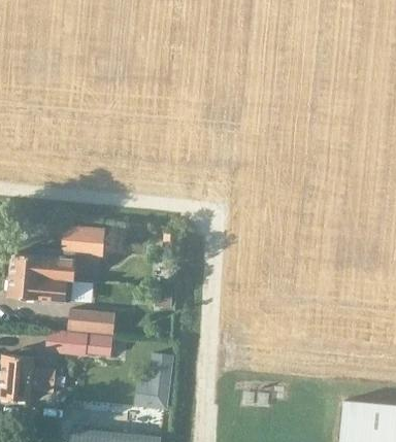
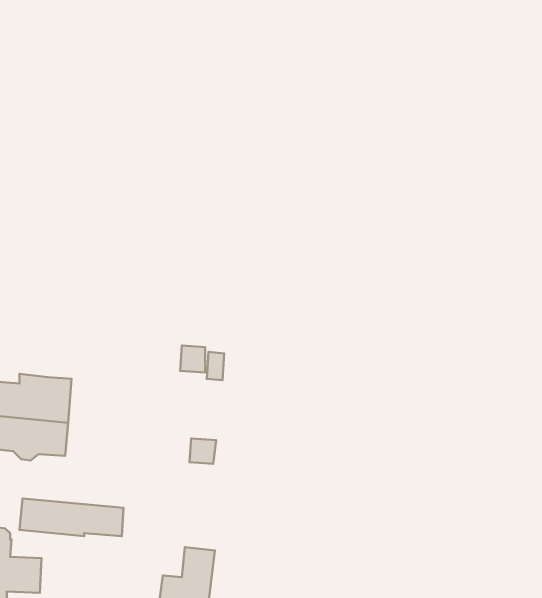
building: [62,227,105,256] -> none
building: [68,309,114,334] -> none

